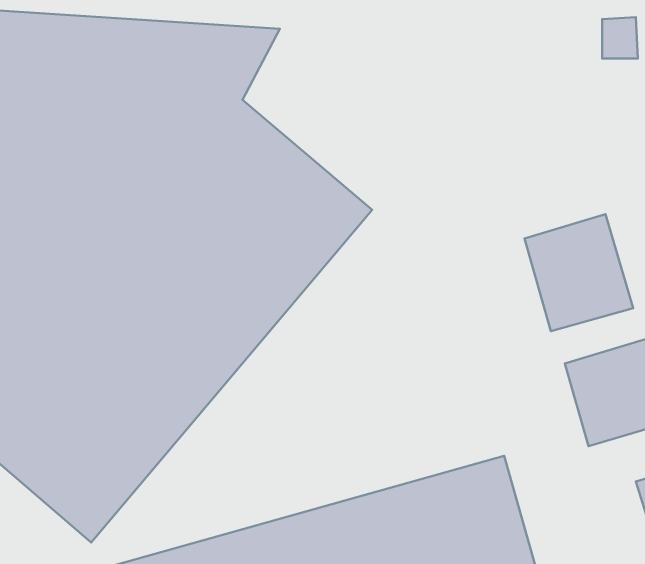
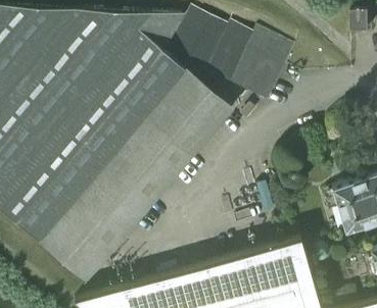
building: none -> [170,9,295,102]
building: [524,214,633,331] -> none

